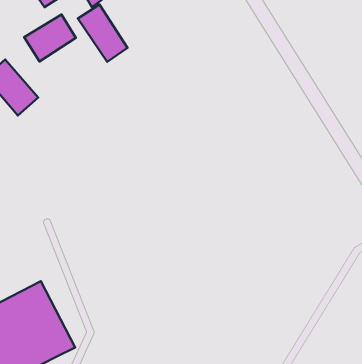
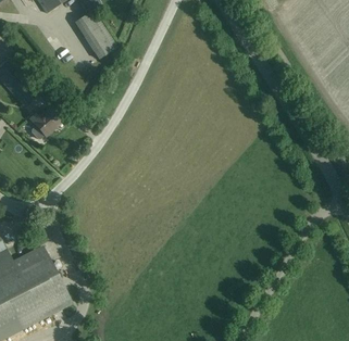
building: [24,14,76,61] -> none
building: none -> [28,106,63,138]

